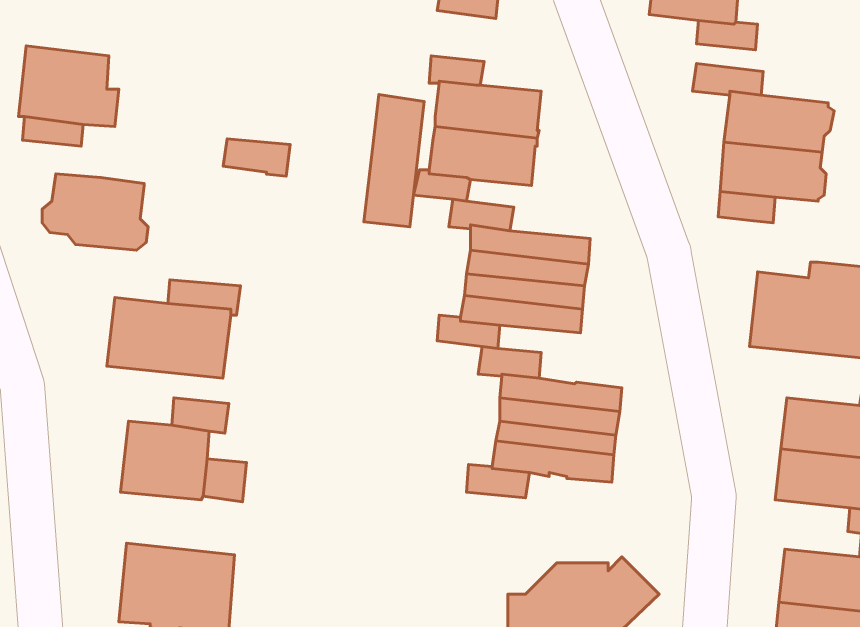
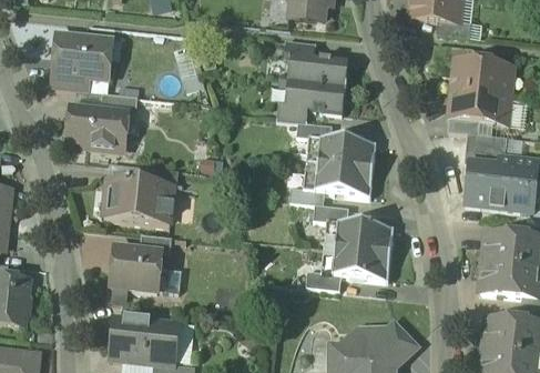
building: [364,94,424,227] -> none
building: [223,139,290,176] -> [100,93,137,114]
building: none -> [465,133,507,165]

